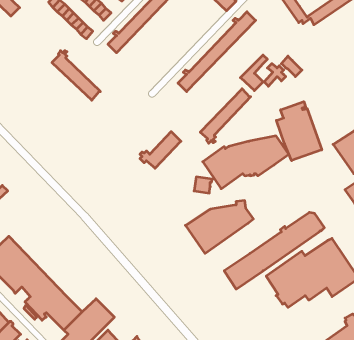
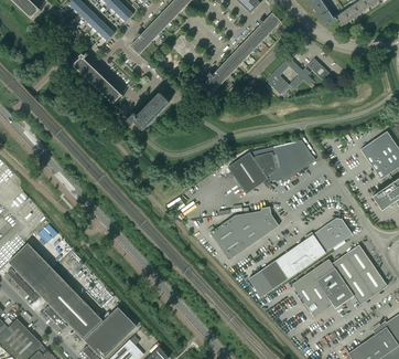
building: [200,89,251,143] -> none
building: [276,102,322,161] -> none
building: [140,132,181,168] -> [128,92,170,129]

